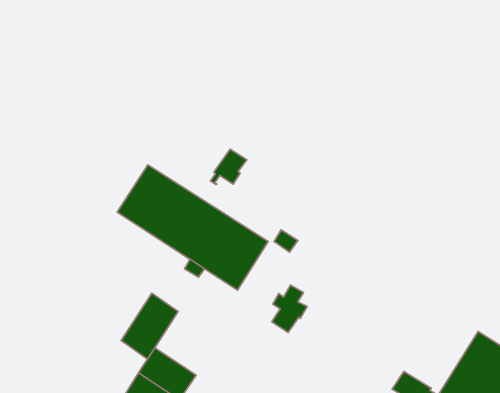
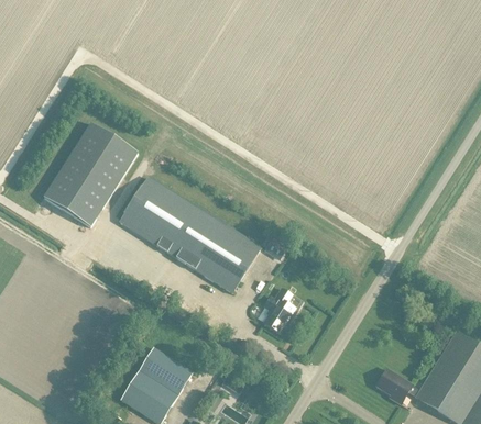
building: none -> [43,122,139,227]
building: [211,149,247,184] -> none
building: [121,293,178,359] -> none

